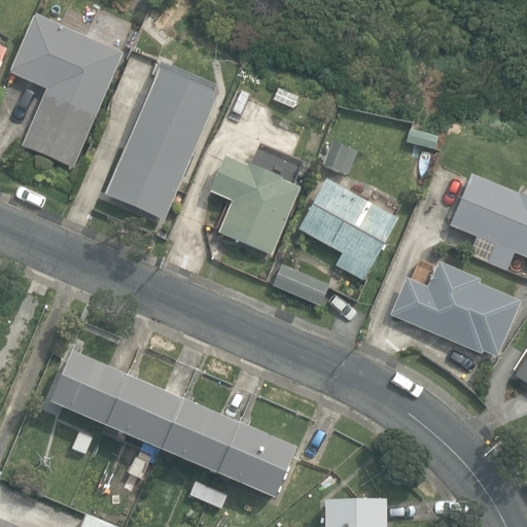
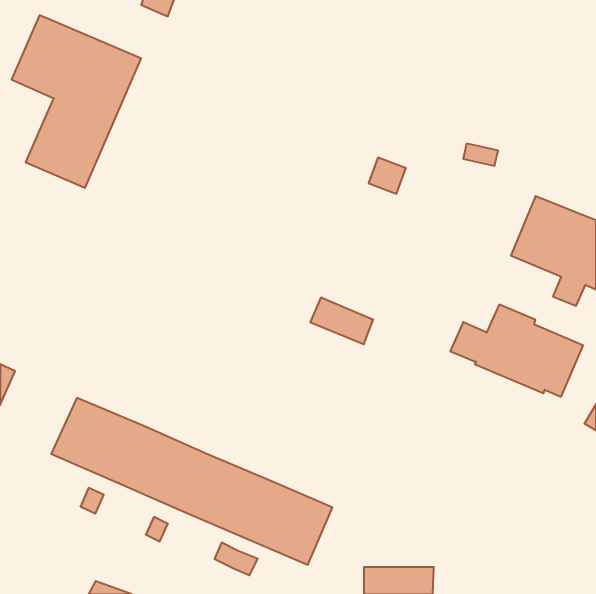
building: [106,69,218,218] -> none
building: [210,154,301,253] -> none
building: [298,178,397,279] -> none

